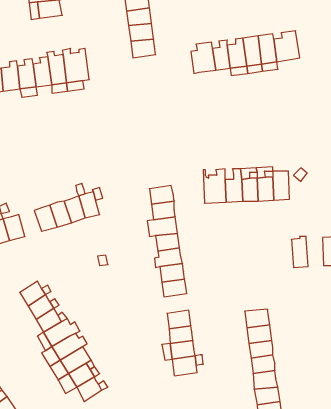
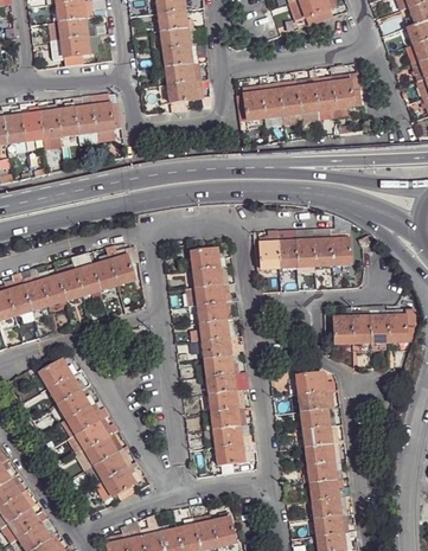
building: none -> [40,277,66,307]
building: none -> [333,306,354,342]
building: none -> [369,308,389,341]
building: none -> [296,371,336,392]
building: none -> [206,372,235,395]

